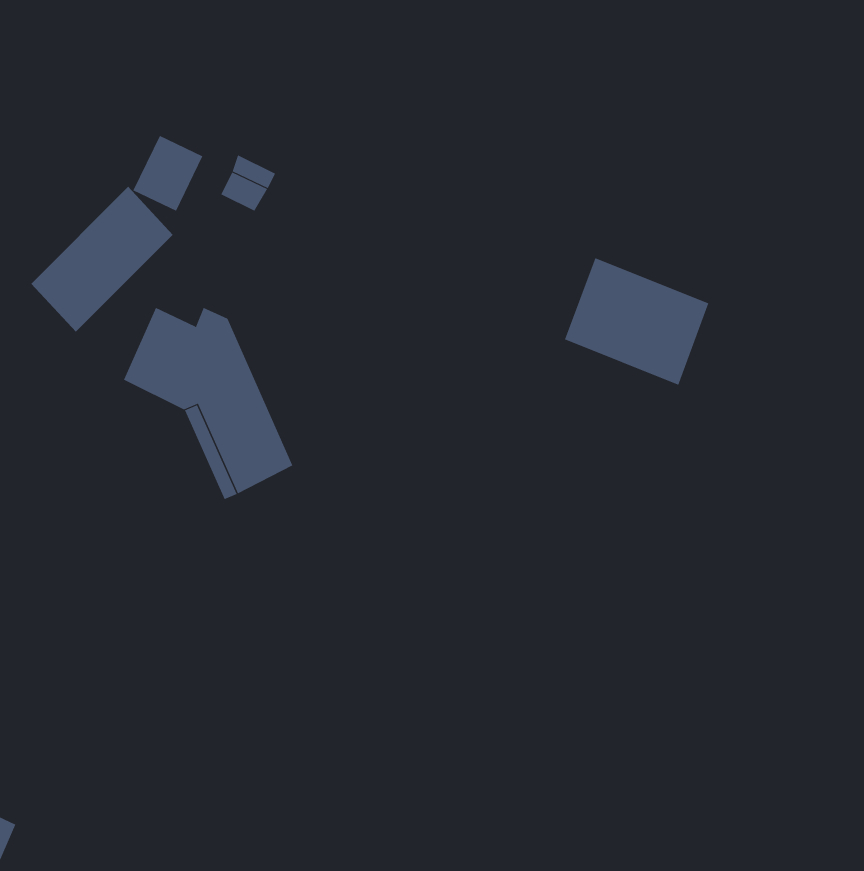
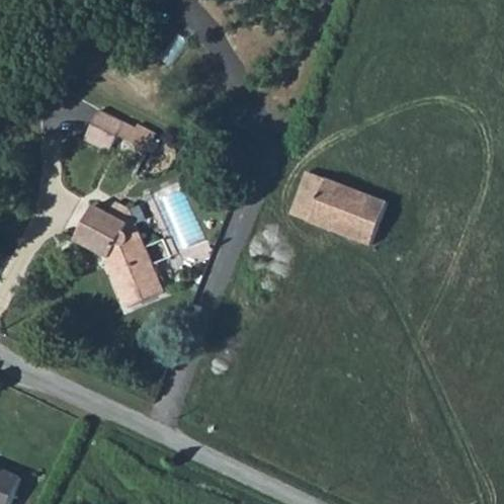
building: [30,186,174,333] -> none
building: none -> [288,170,324,221]

